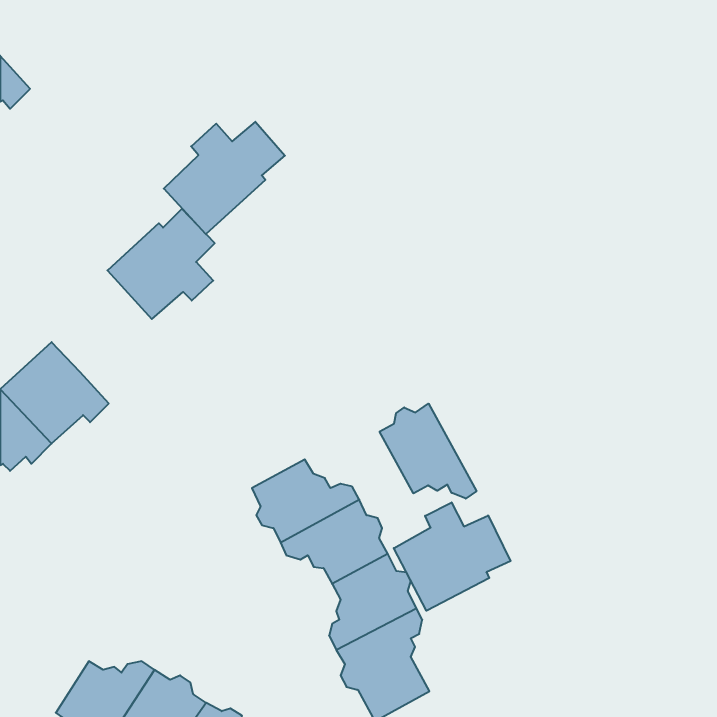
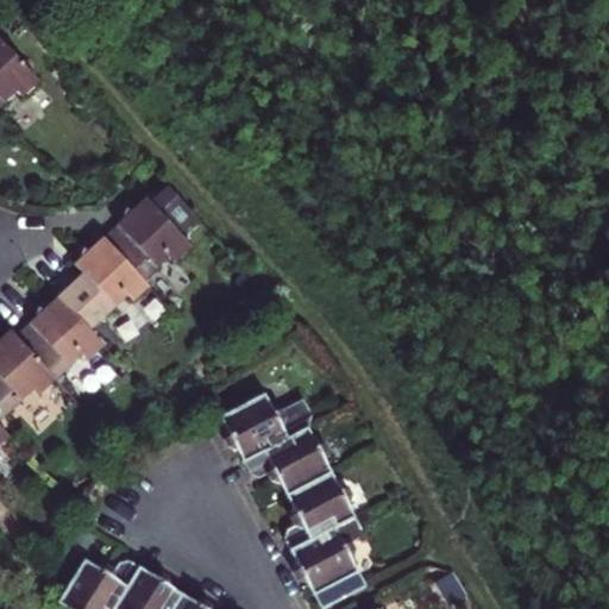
building: [164,122,285,234] -> none
building: none -> [55,237,145,321]
building: [380,404,476,499] -> none
building: [394,502,511,611] -> none

